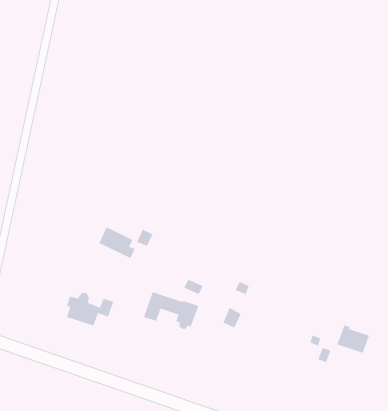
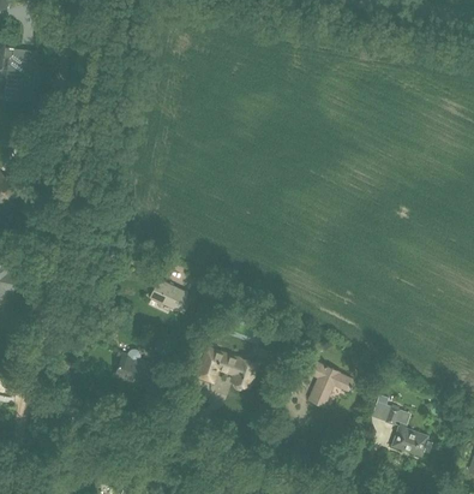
building: none -> [308,363,352,406]
building: [336,324,370,354] -> [391,424,427,456]

